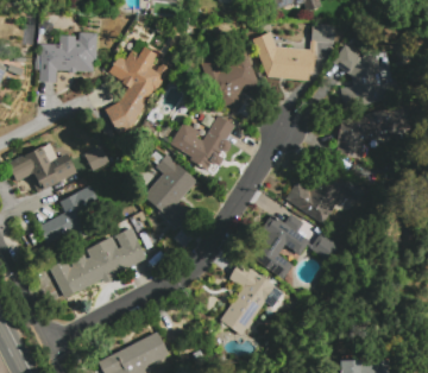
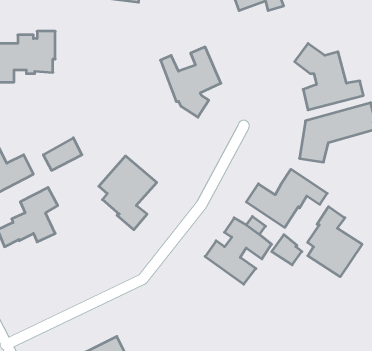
building: [253,24,335,81] -> none
building: [105,46,170,132] -> none
building: [170,115,235,170] -> none
building: none -> [308,207,362,277]
building: [50,228,147,298] -> none
building: [220,261,284,335] -> none

